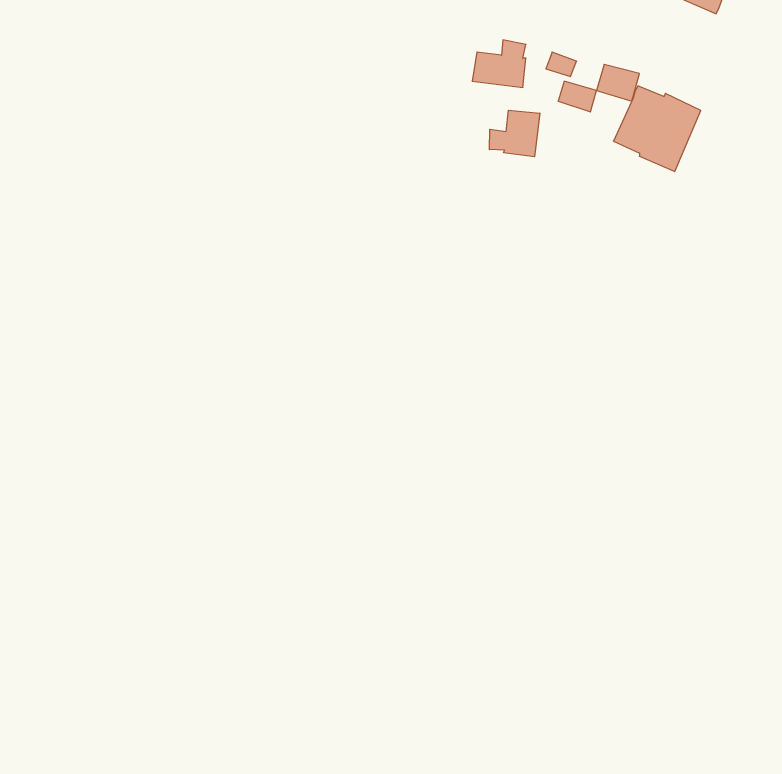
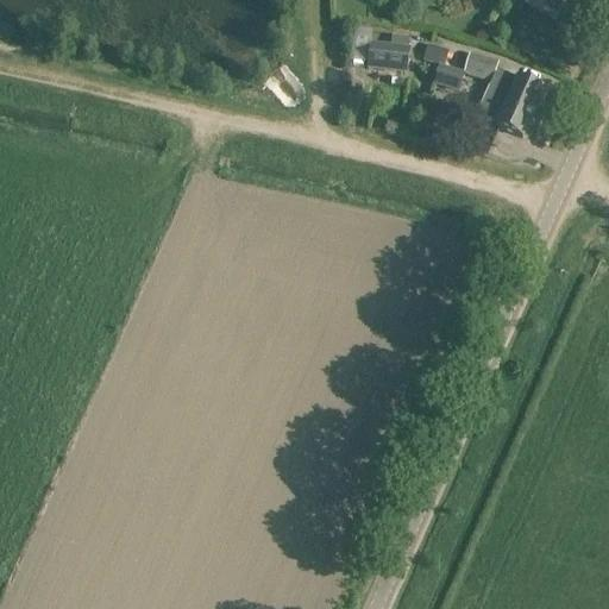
building: [489,110,540,157] -> none

